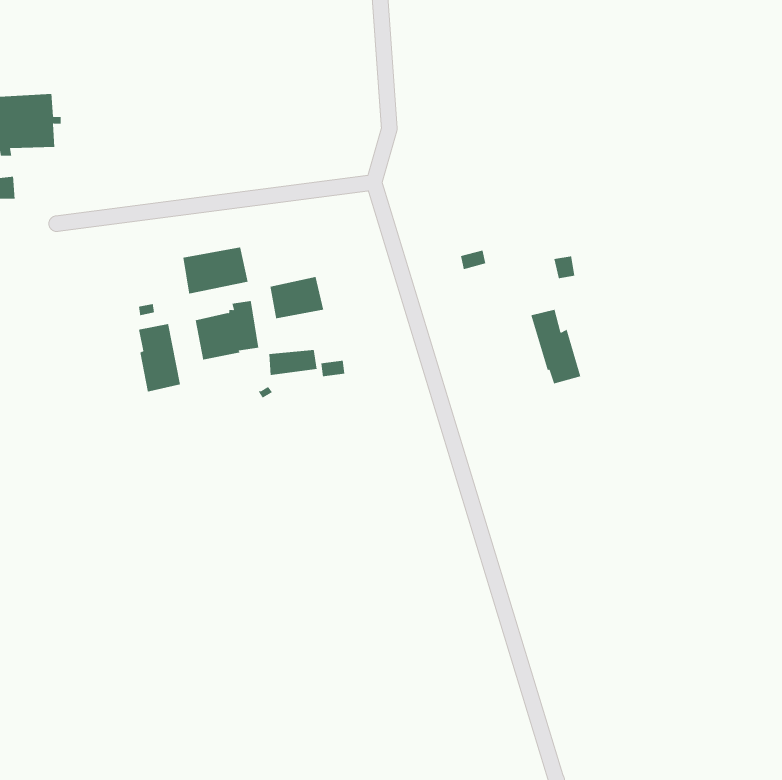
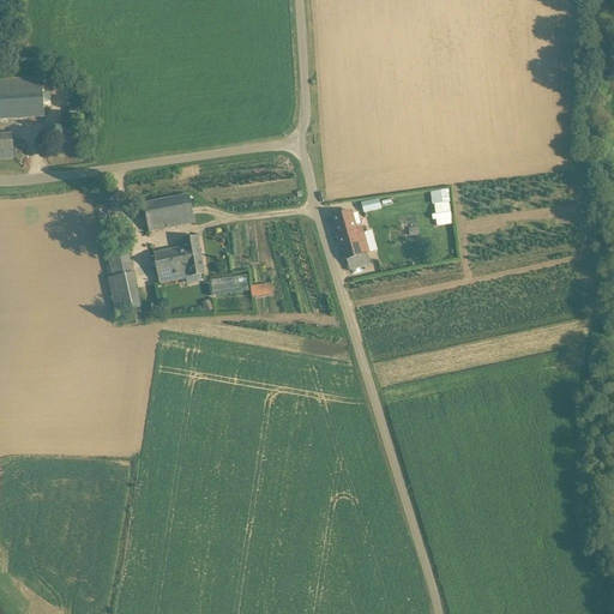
building: [270,276,324,319] -> none
building: [530,309,581,384] -> [331,209,371,267]

